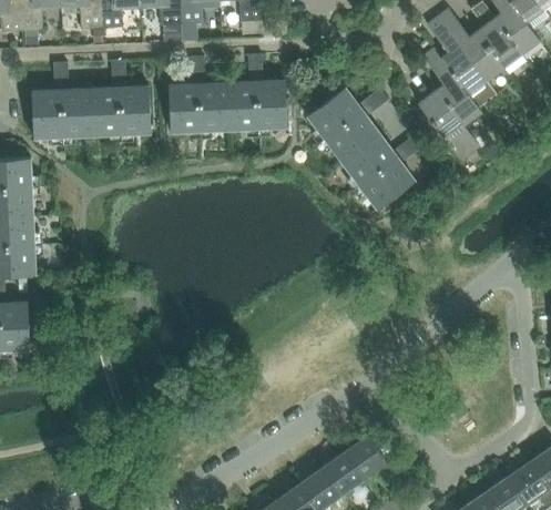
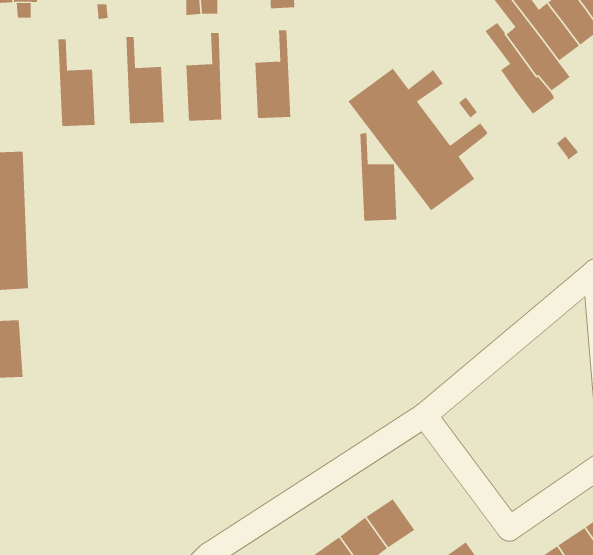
building: [255,53,287,129] -> [359,132,397,221]
building: [197,57,229,131] -> none
building: [90,60,121,135] -> none
building: [32,62,63,137] -> none
building: [418,89,480,161] -> none
building: [345,436,387,479] -> none

